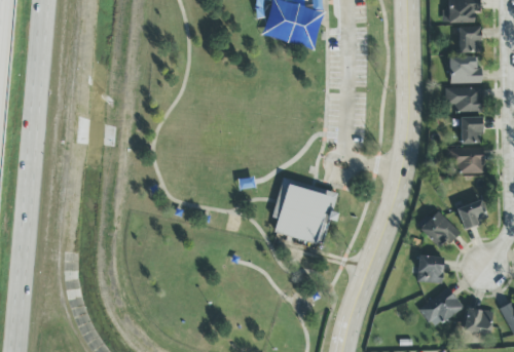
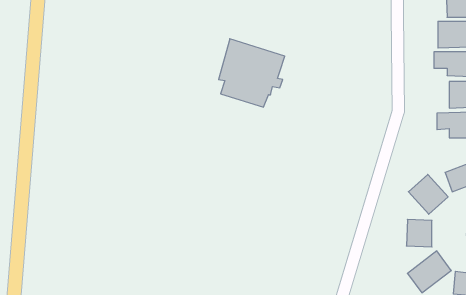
building: [276,174,342,243] -> [219,39,285,107]

